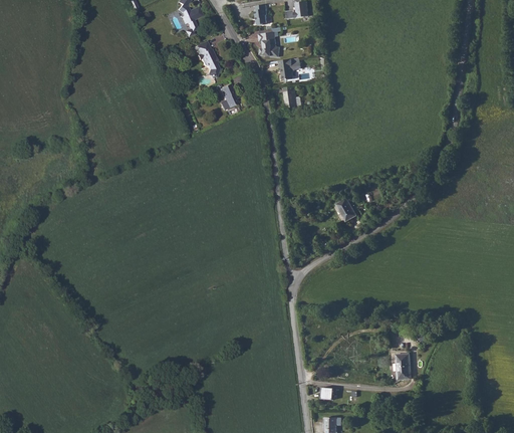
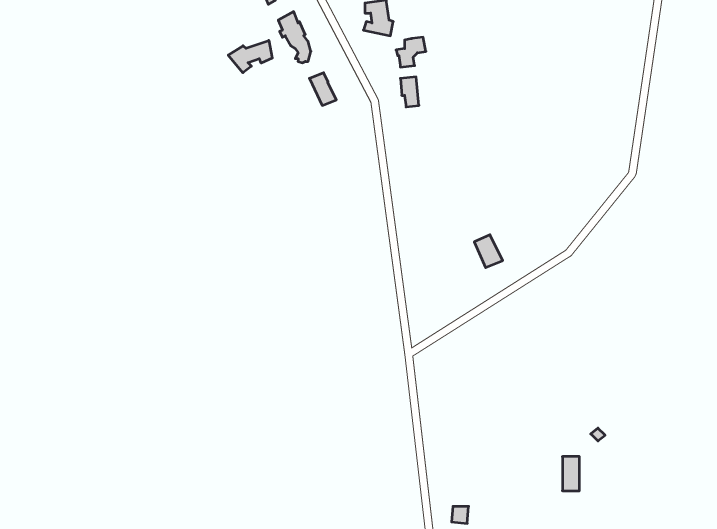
building: none -> [228,40,272,73]

